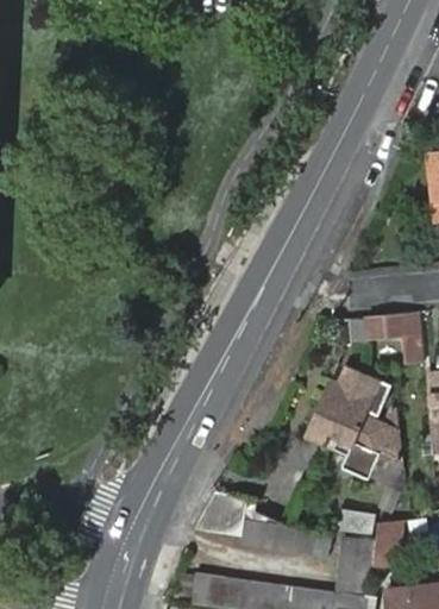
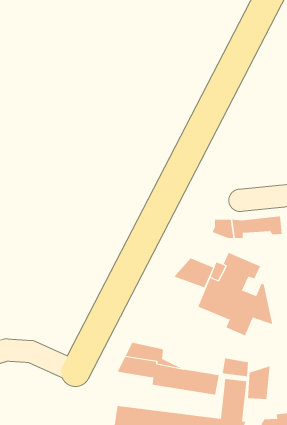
building: none -> [173,257,214,288]

